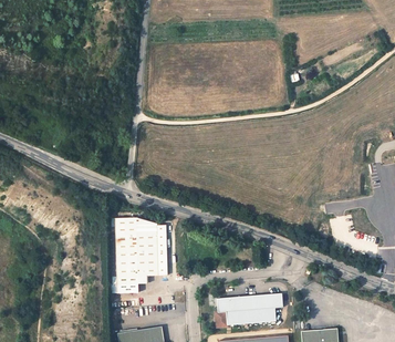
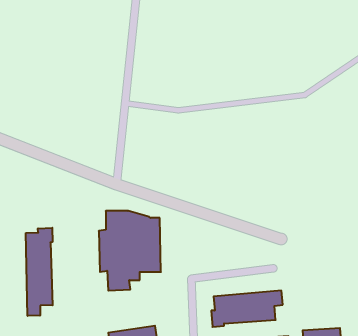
building: none -> [26,228,53,316]

